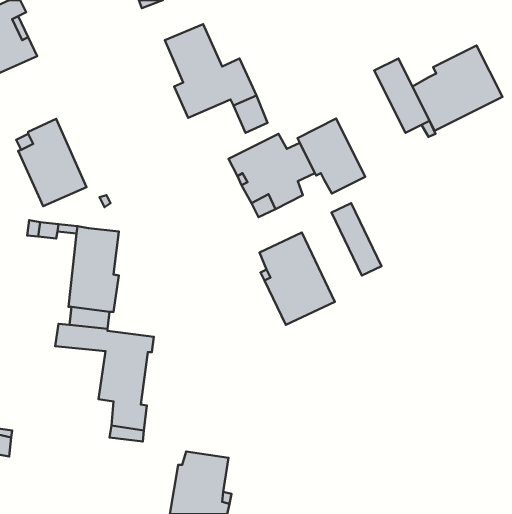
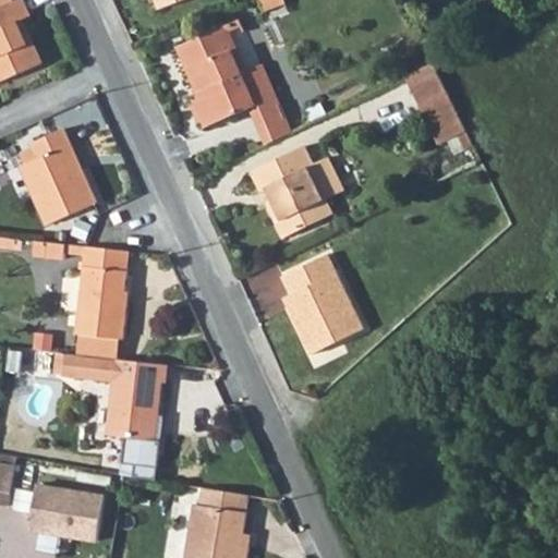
building: [412,45,503,131] -> none
building: [297,119,365,194] -> none
building: [332,203,381,276] -> none
building: none -> [28,489,102,542]

